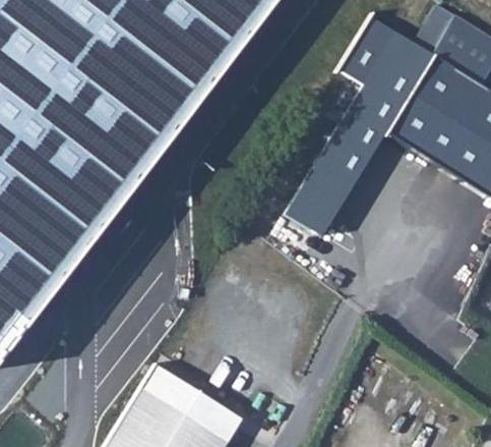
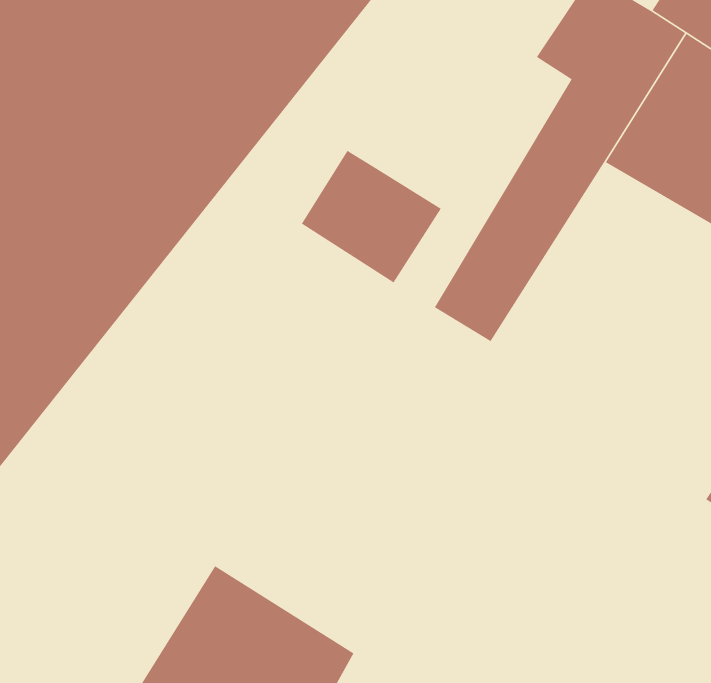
building: none -> [301,150,442,284]

